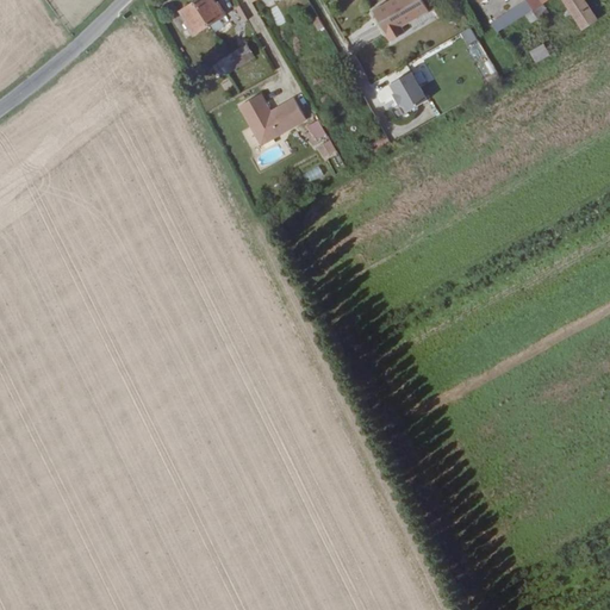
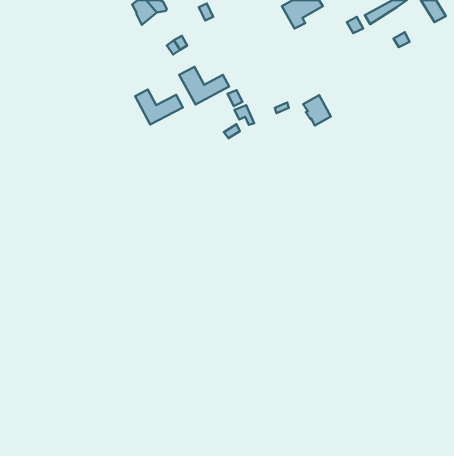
building: [392,70,429,111] -> [303,95,331,126]
building: none -> [135,90,183,125]

